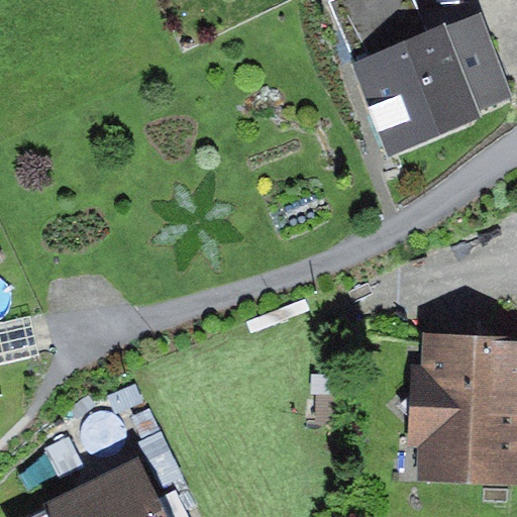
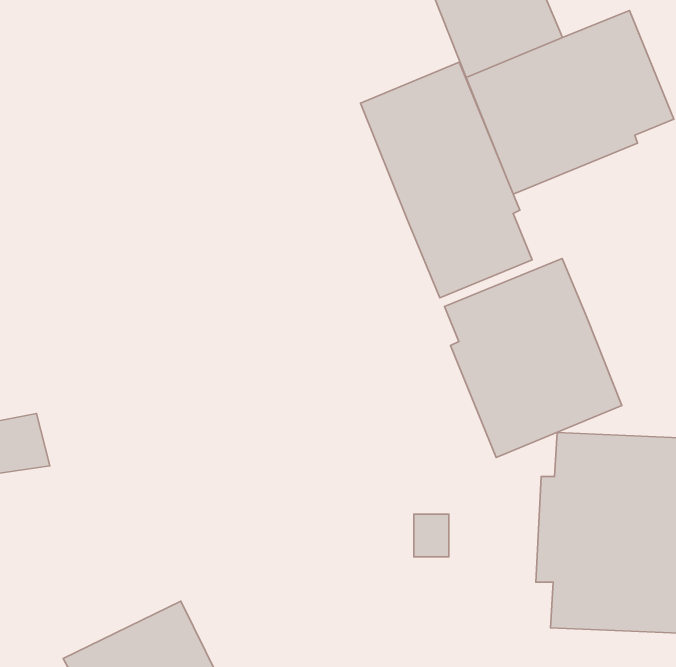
building: none -> [361,62,532,298]
building: none -> [445,258,622,458]

